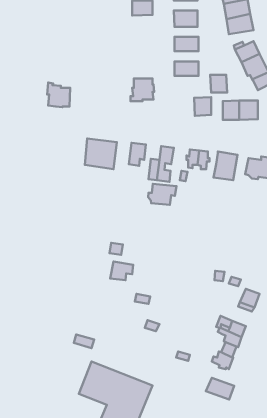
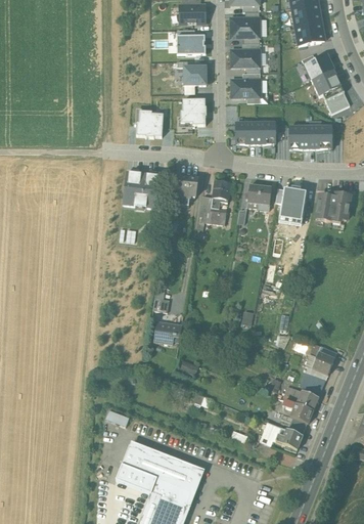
building: none -> [176,34,206,53]
building: none -> [184,66,206,84]
building: [210,75,227,93] -> [235,122,256,143]
building: [47,83,70,107] -> [135,106,163,136]
building: [148,184,176,205] -> none
building: [206,378,234,399] -> none

